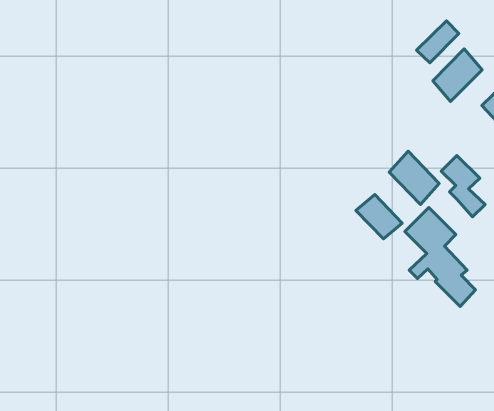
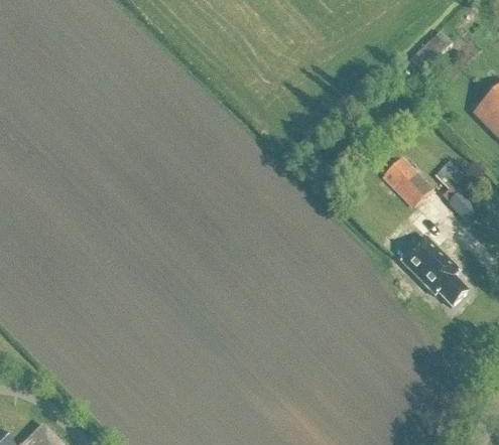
building: [433,49,482,101] -> none
building: [356,195,402,239] -> none

